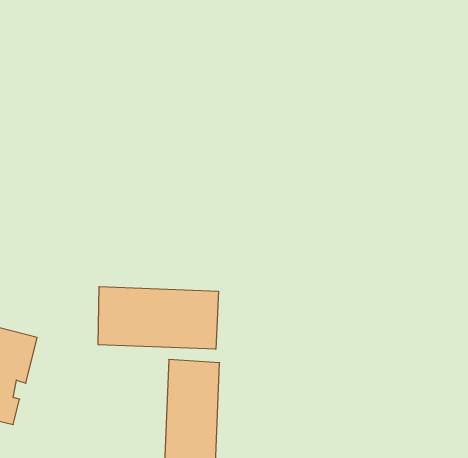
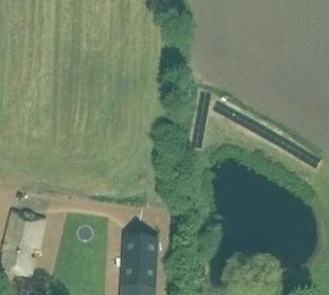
building: [98,287,218,349] -> none

